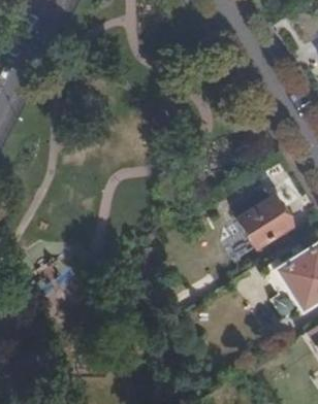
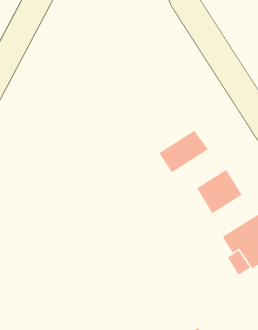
building: none -> [159,130,209,173]

